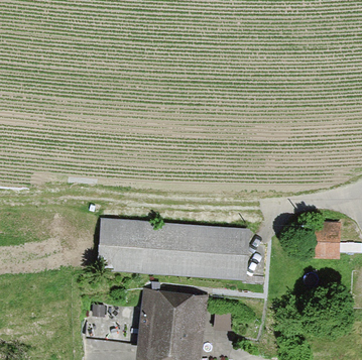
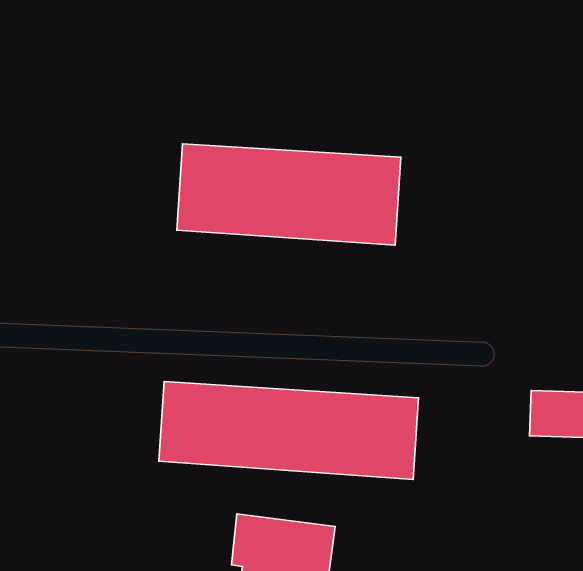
building: none -> [177,144,401,245]

